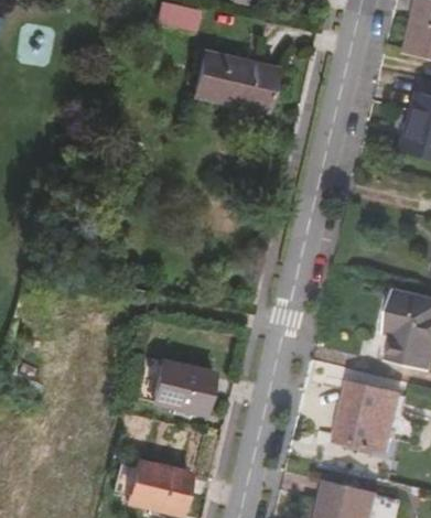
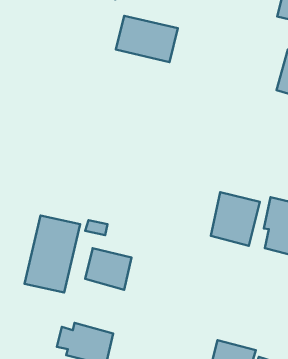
building: none -> [25,215,80,293]
building: [334,380,399,452] -> [211,192,260,246]

